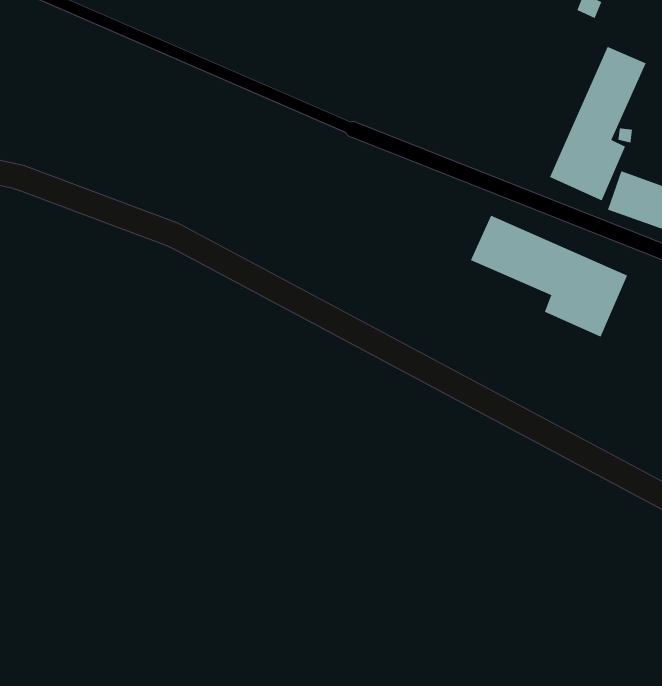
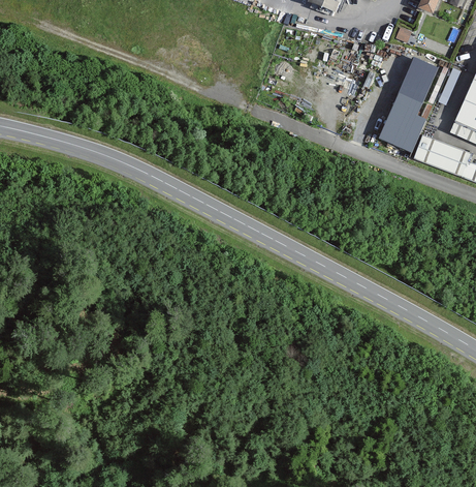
building: [470,215,628,338] -> none

